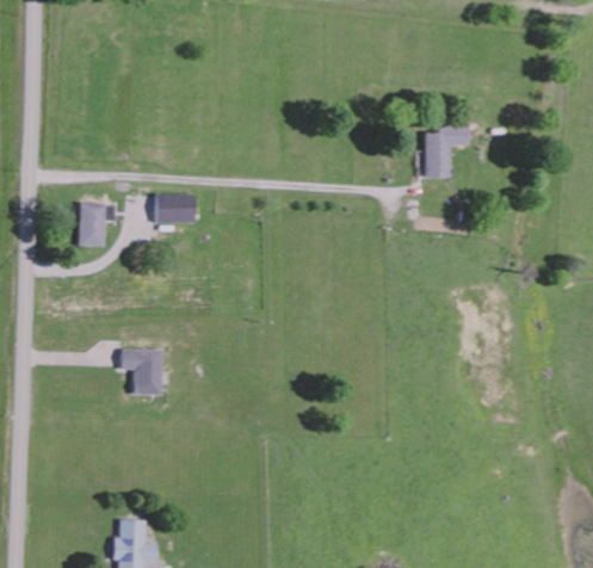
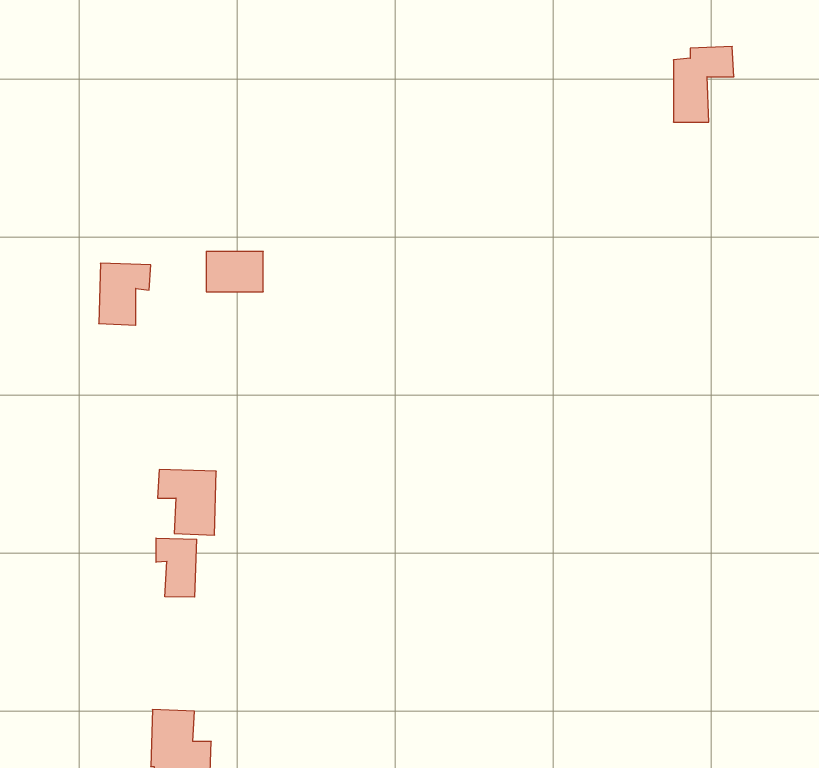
building: [424,123,467,177] -> [673,47,734,122]
building: none -> [156,538,197,597]

